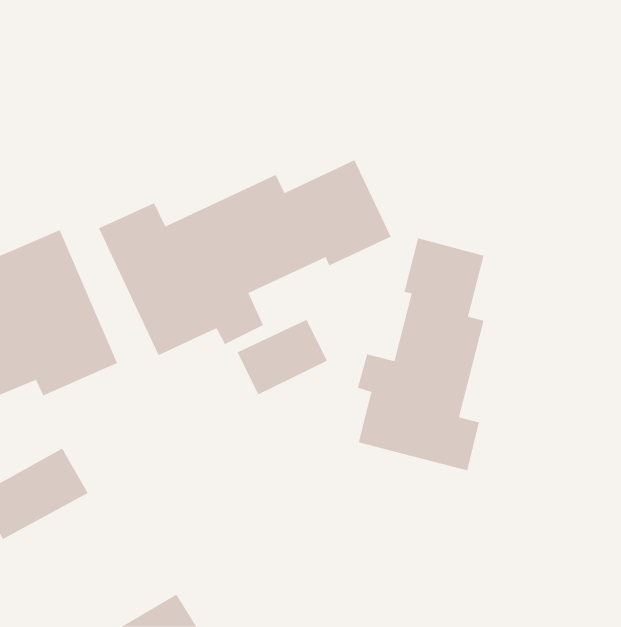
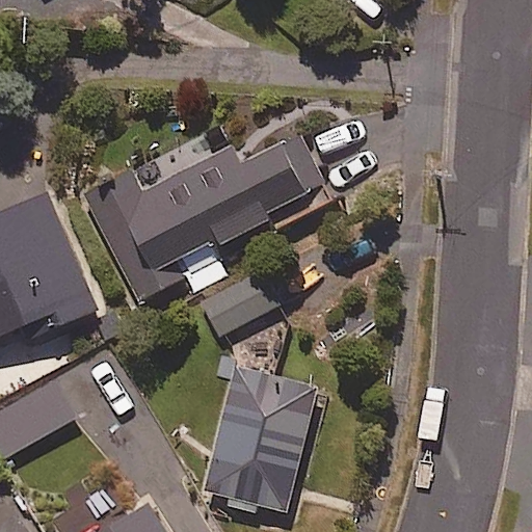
building: [357,238,484,471] -> none
building: none -> [198,365,317,515]

